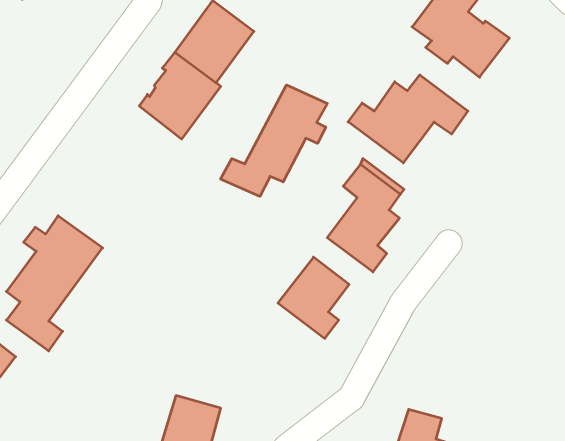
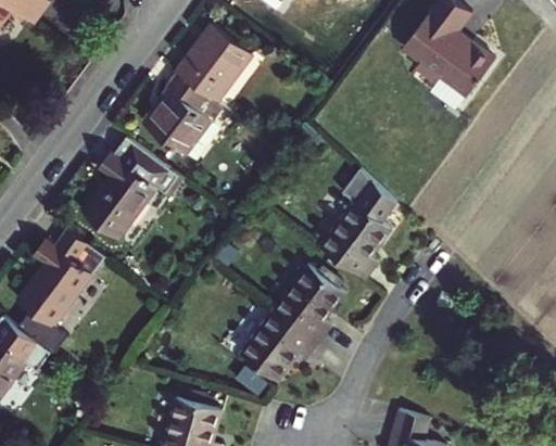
building: [348,75,468,163] -> none
building: [221,85,327,196] -> none
building: none -> [83,136,175,239]
building: none -> [241,310,319,380]

